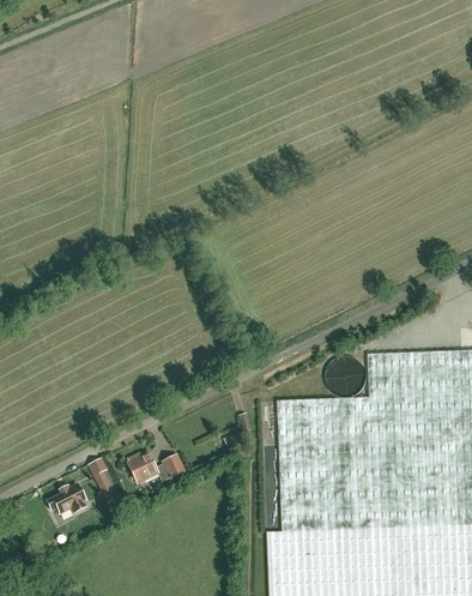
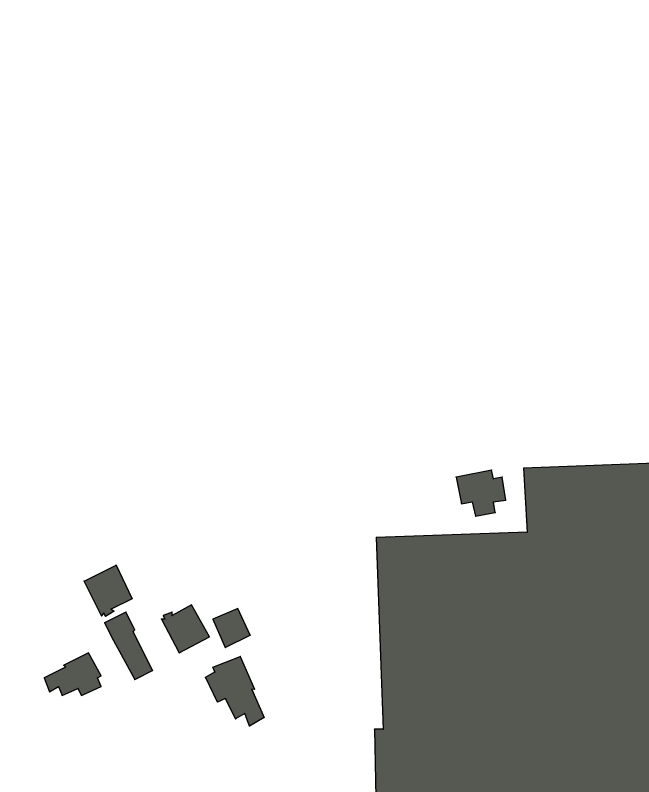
building: none -> [84,565,132,616]
building: none -> [206,656,264,726]

